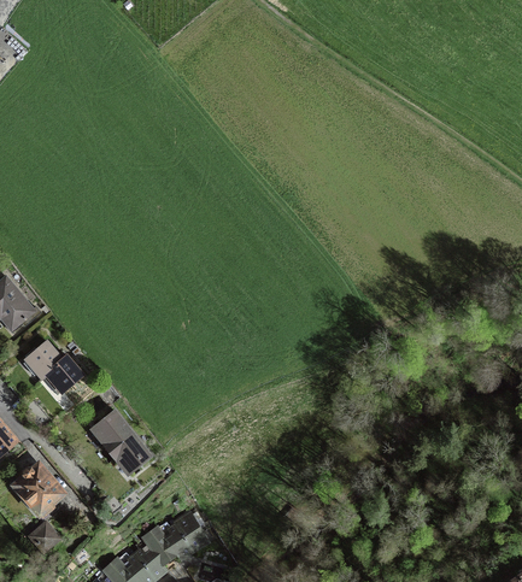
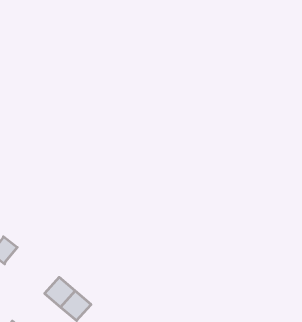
building: [42,352,86,395] -> none

